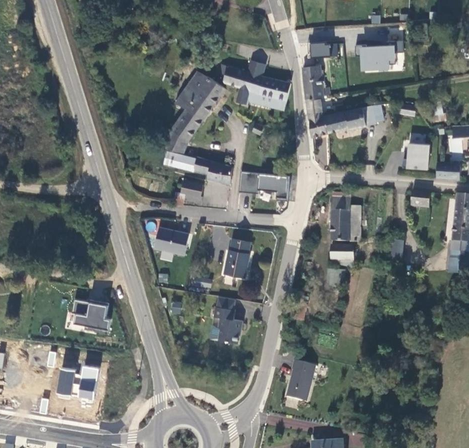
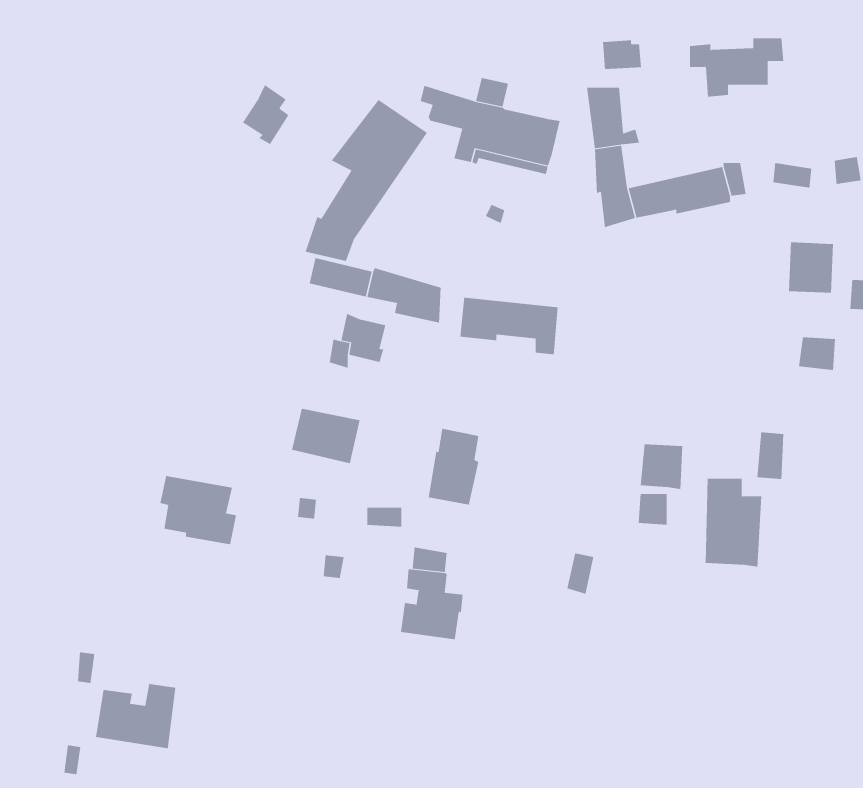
building: none -> [242,84,289,145]
building: [332,197,361,242] -> [705,478,762,567]
building: [71,298,110,333] -> [159,475,237,545]
building: [285,360,314,402] -> none

